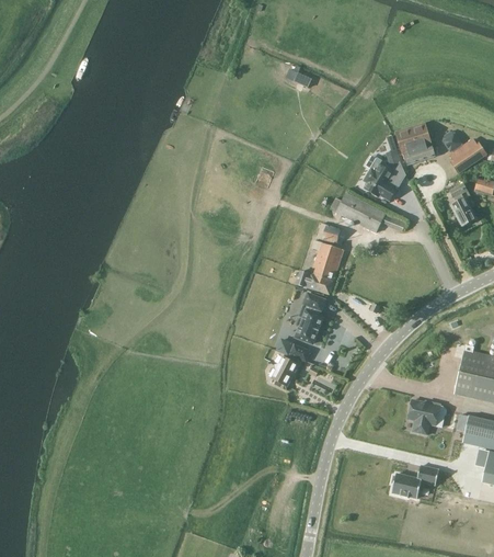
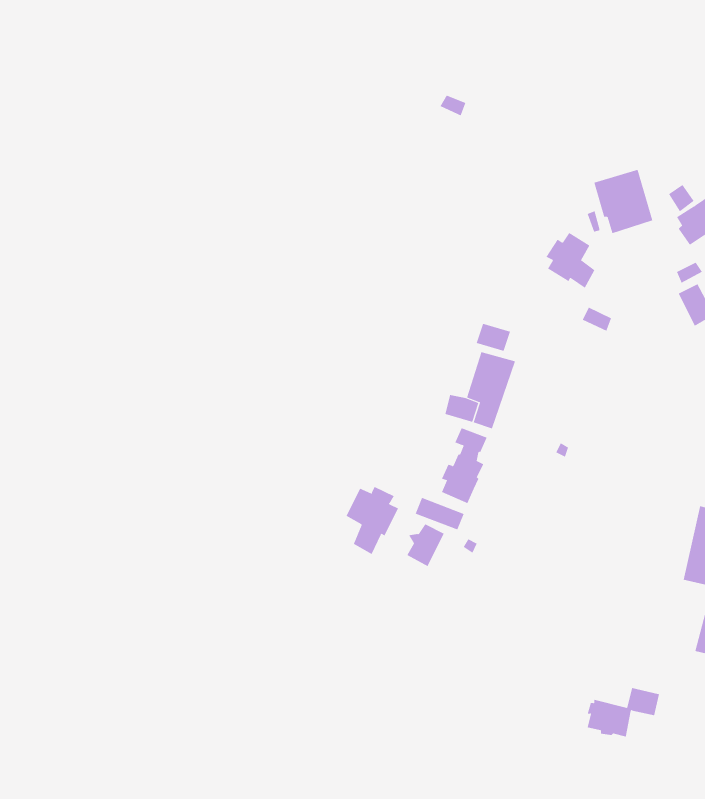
building: [330,192,386,232] -> none
building: none -> [346,486,399,555]
building: [407,399,446,434] -> none

